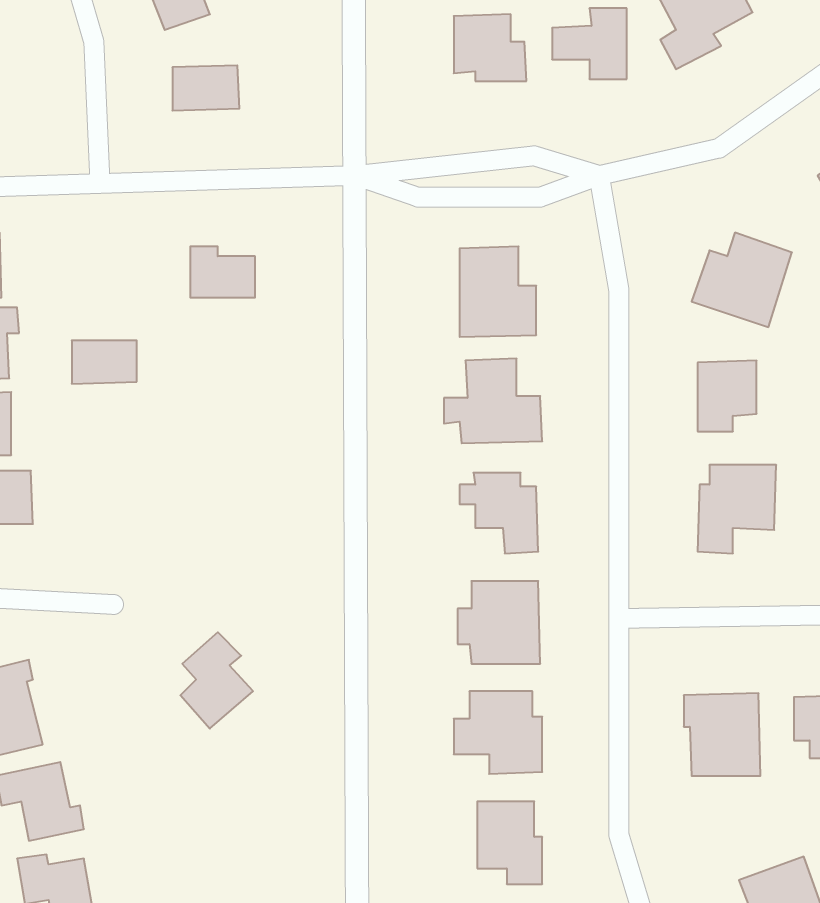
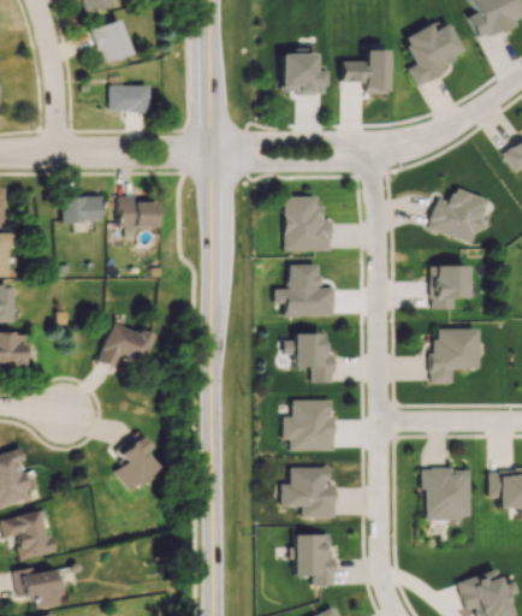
building: [72,340,137,384] -> [63,195,102,221]
building: none -> [99,322,156,367]

